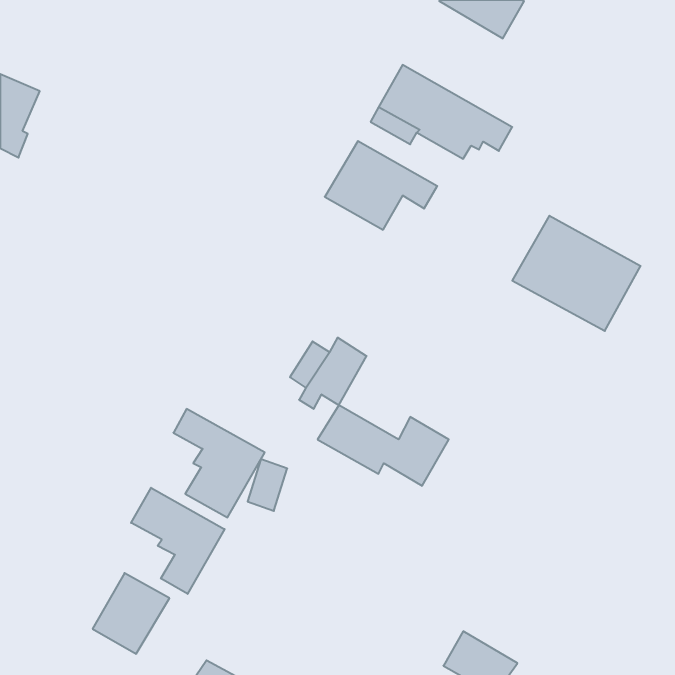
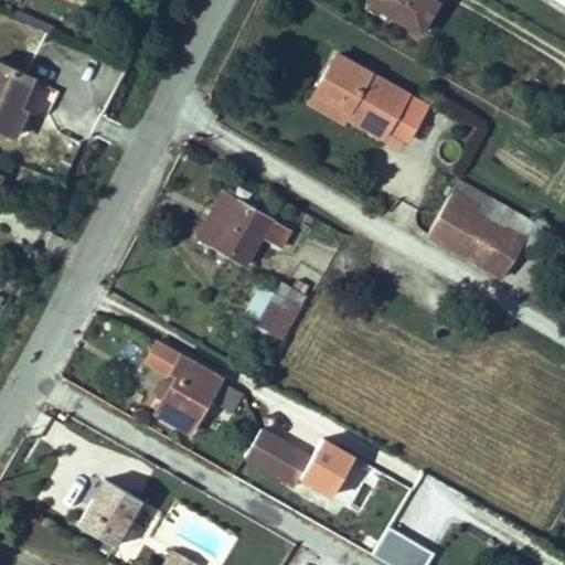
building: [325,141,437,230] -> [198,192,291,266]
building: [318,405,449,486] -> [245,429,354,497]
building: [131,488,225,594] -> none

